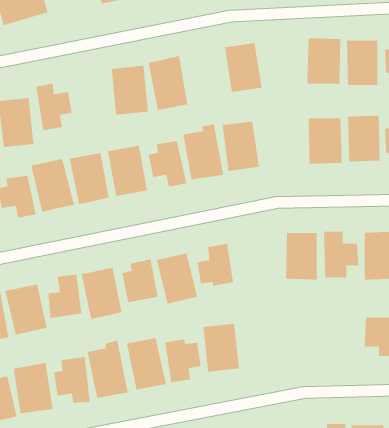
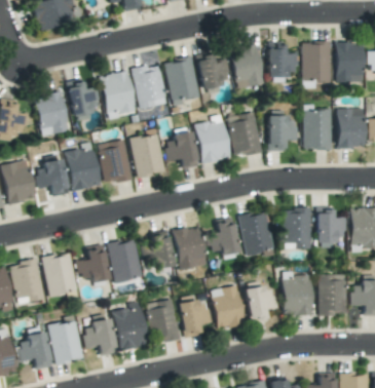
building: none -> [267,41,297,76]
building: none -> [195,52,231,90]
building: none -> [100,71,136,117]
building: none -> [267,116,297,152]
building: none -> [238,211,273,256]
building: none -> [282,274,311,316]
building: none -> [317,274,347,315]
building: none -> [245,285,276,324]

